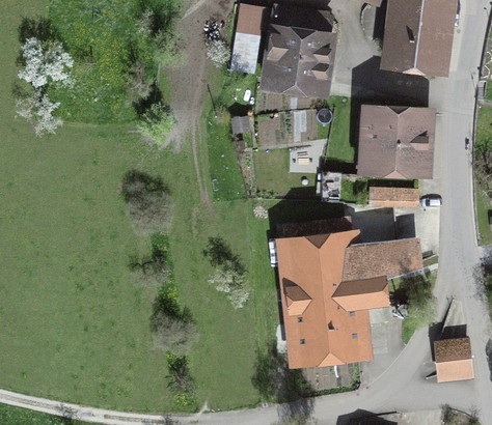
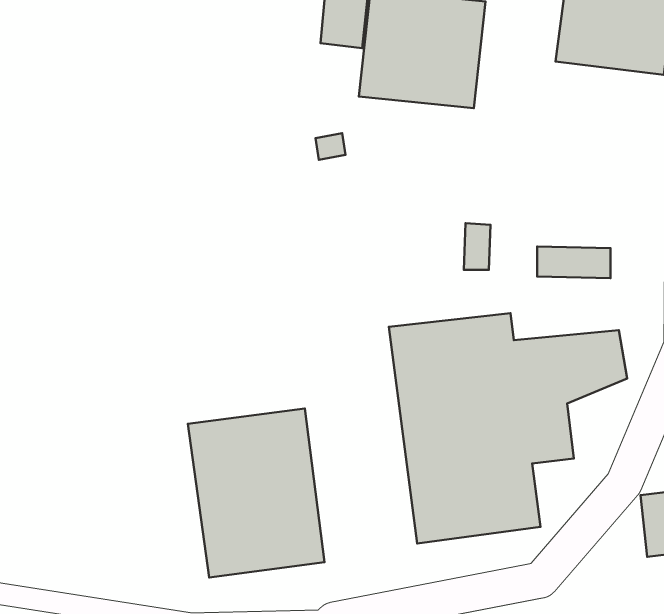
building: [361,106,432,176] -> none
building: none -> [188,409,324,577]

